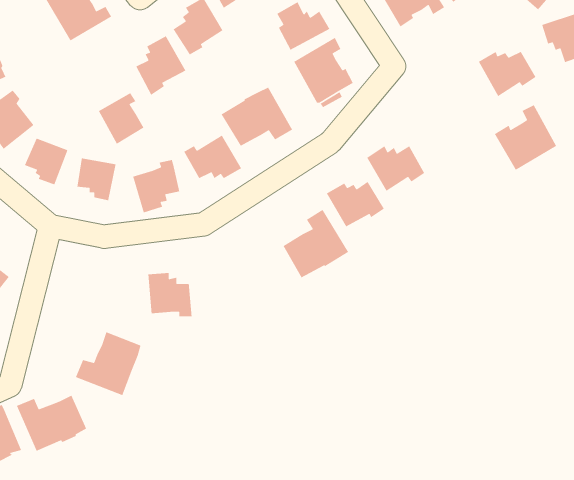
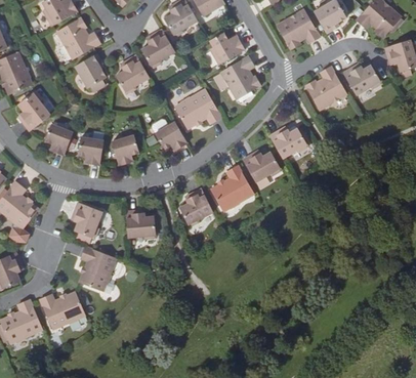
building: [98,92,144,145] -> [75,53,106,88]
building: [494,104,557,171] -> [304,66,346,110]
building: none -> [183,195,216,234]
building: none -> [73,198,101,240]

